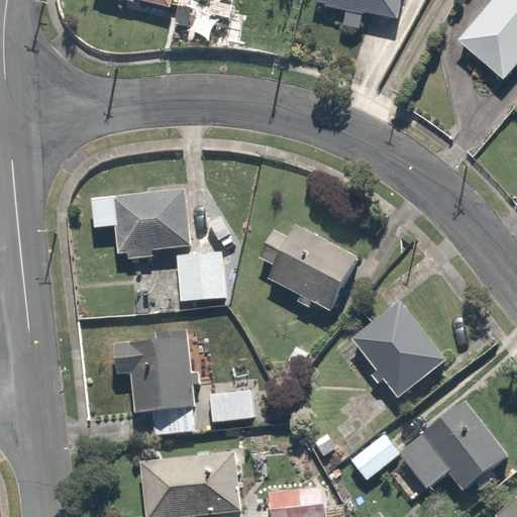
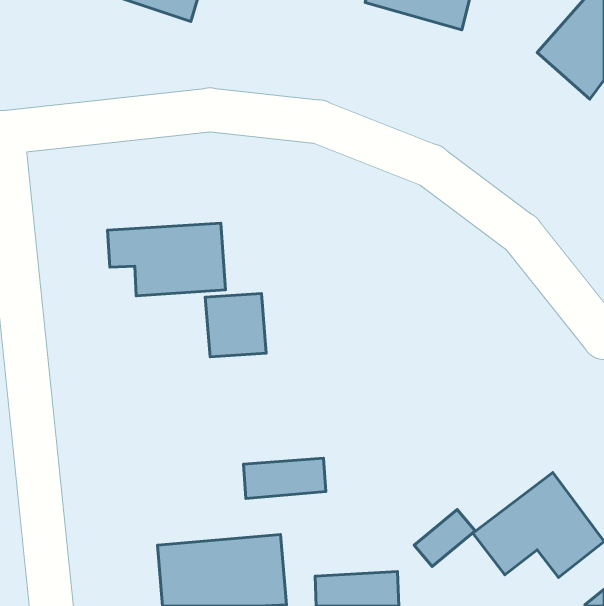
building: [257,225,355,311] -> none
building: [353,306,443,397] -> none
building: [115,335,196,433] -> none

